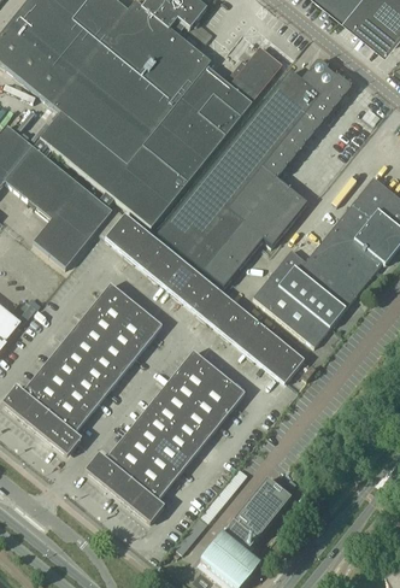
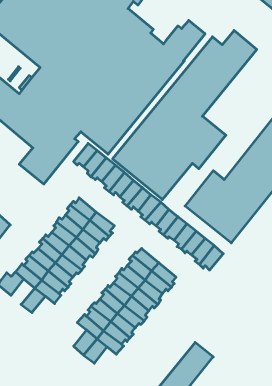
building: [22,394,53,428] -> none
building: [49,417,80,452] -> none
building: [88,452,122,483] -> none
building: [133,484,164,521] -> none

